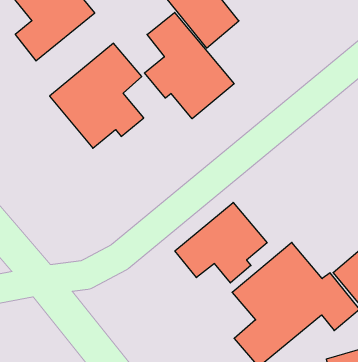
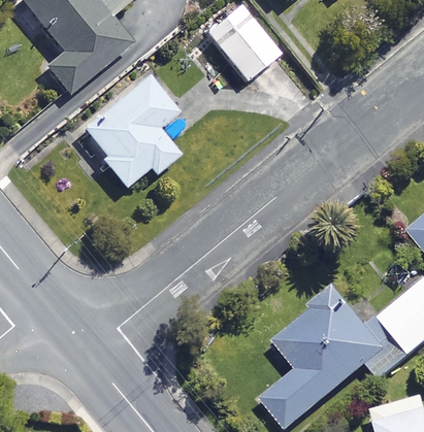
building: [144,12,234,119] -> none
building: [175,202,267,283] -> none

